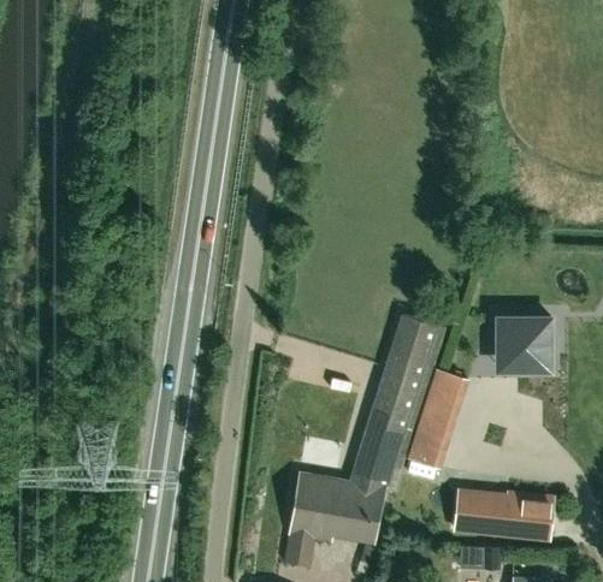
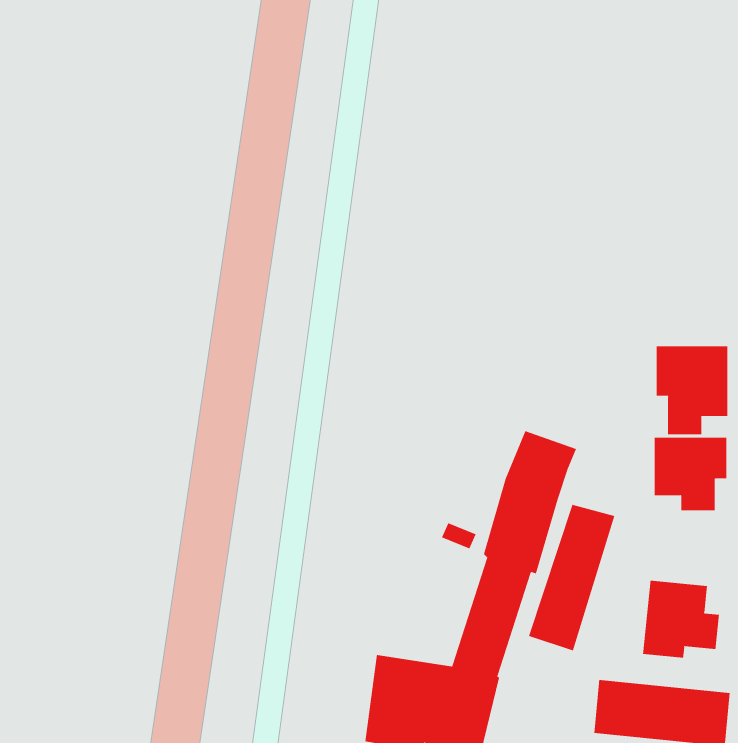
building: none -> [656,346,728,435]
building: none -> [642,580,720,659]

